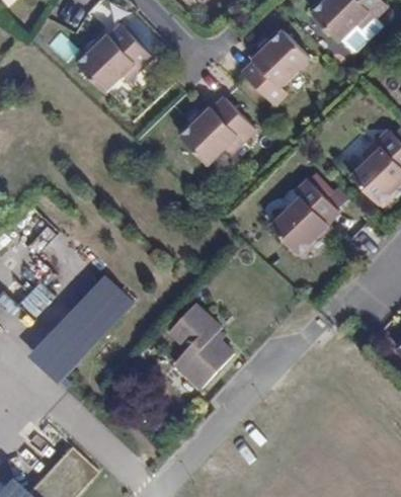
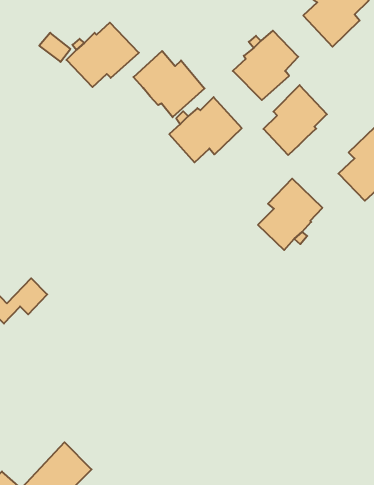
building: none -> [133,51,205,117]
building: none -> [263,85,327,155]
building: [29,270,137,382] -> none
building: [172,305,237,390] -> none

